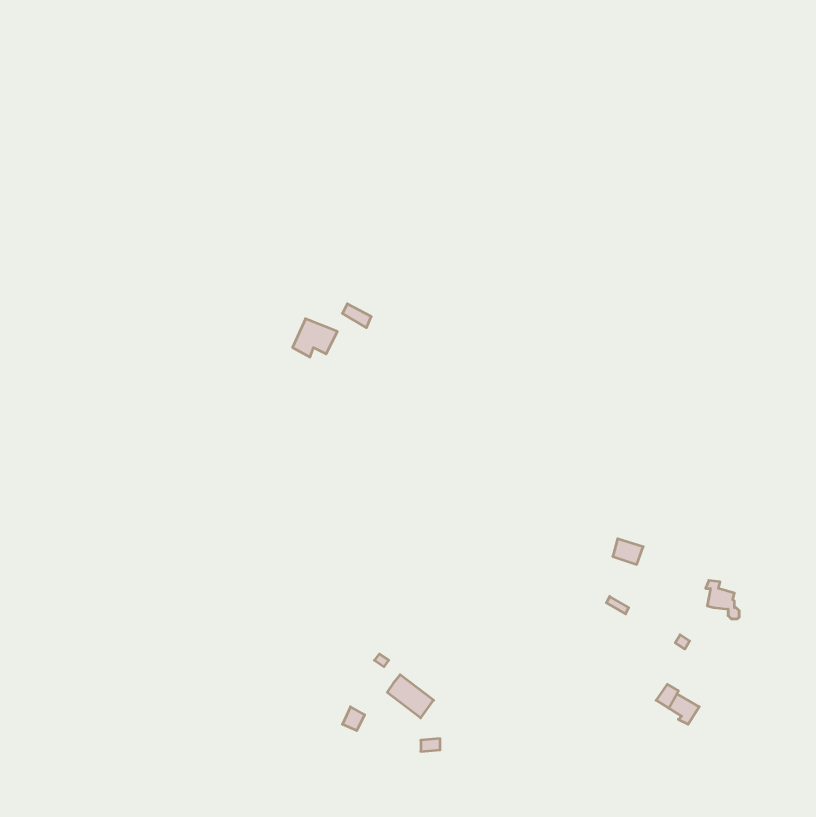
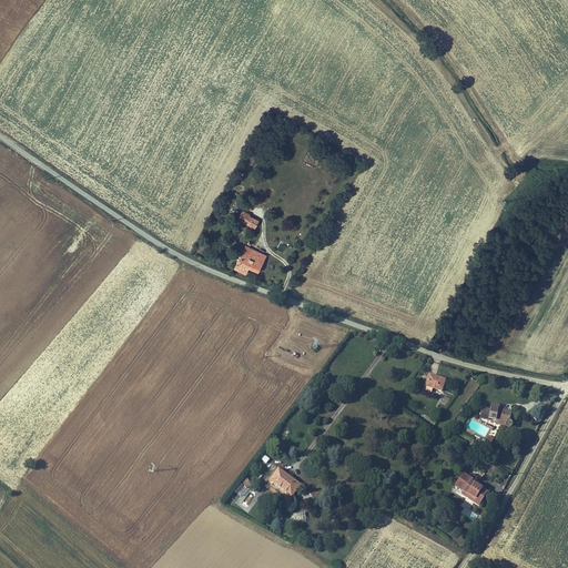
building: [293,319,337,357] -> [235,246,266,273]

